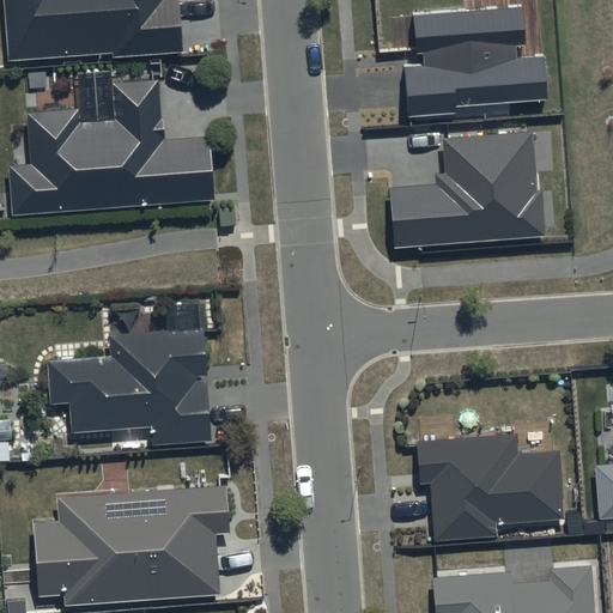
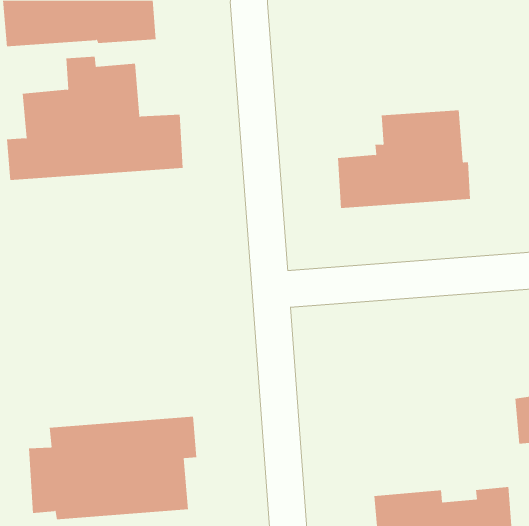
building: [405,13,548,123] -> none
building: [48,328,211,443] -> none
building: [417,436,562,539] -> none

